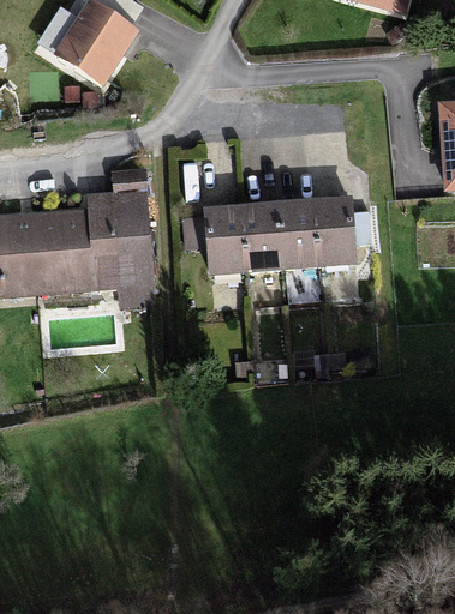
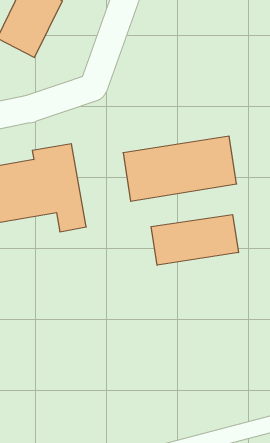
building: none -> [151,215,238,265]

